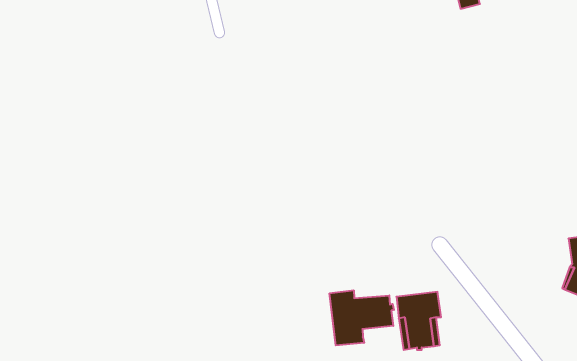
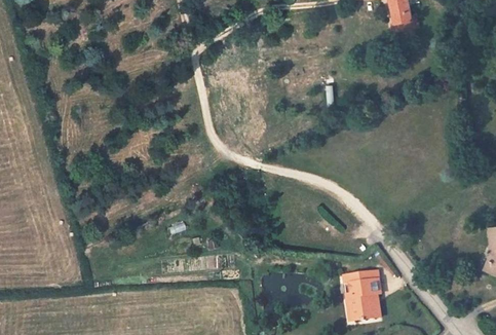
building: [330,290,394,345] -> none

